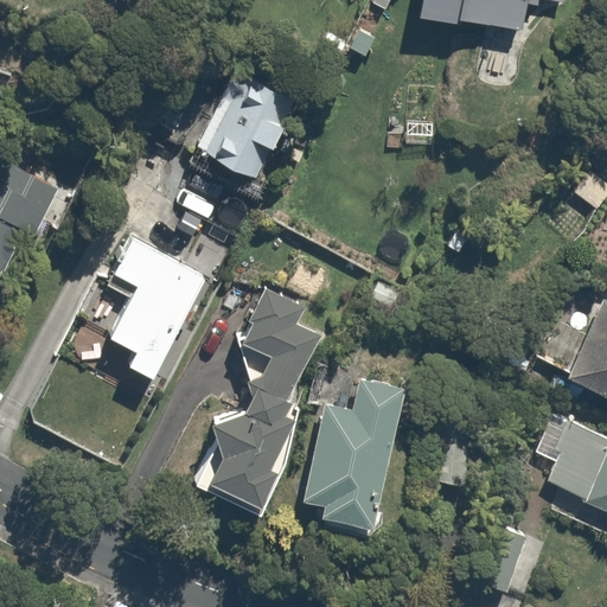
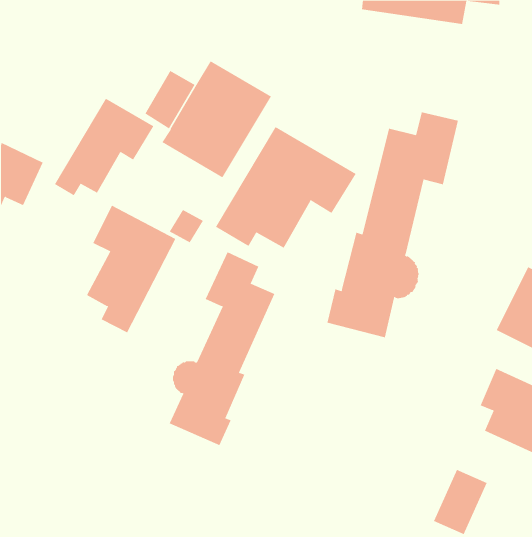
building: none -> [54,98,154,196]
building: none -> [327,112,459,338]
building: none -> [215,126,356,249]
building: [302,377,404,530] -> none

